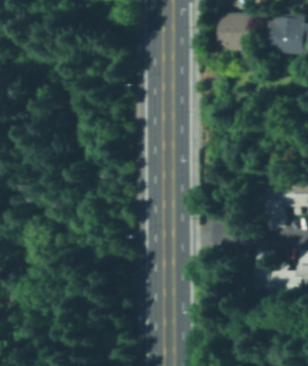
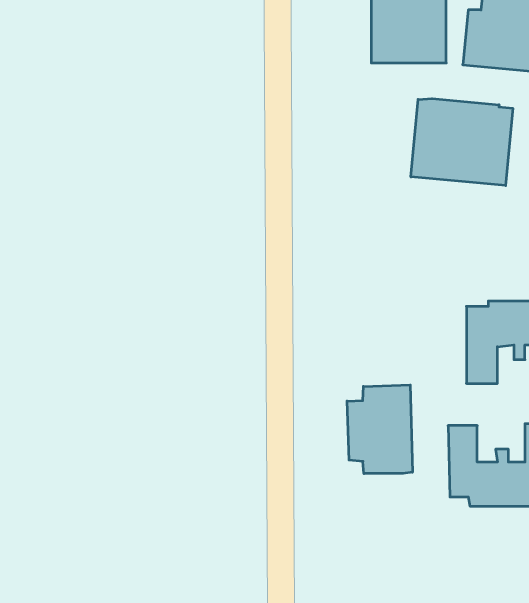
building: none -> [411,99,513,186]
building: none -> [347,385,412,474]

